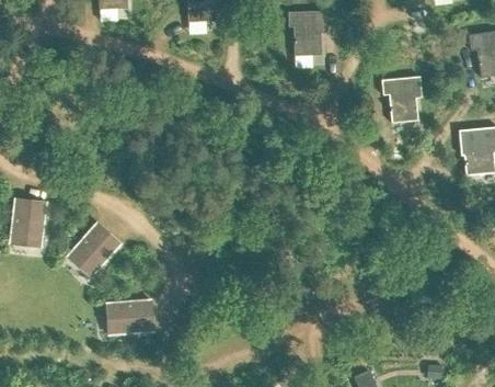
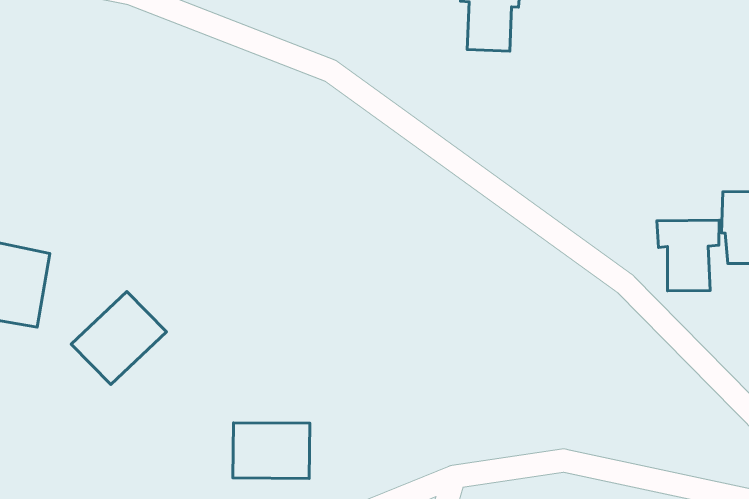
building: [382,76,422,122] -> [657,220,719,291]
building: [105,298,154,335] -> [233,423,310,478]

